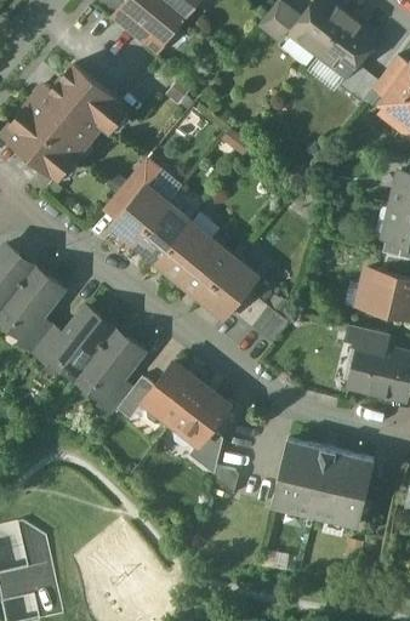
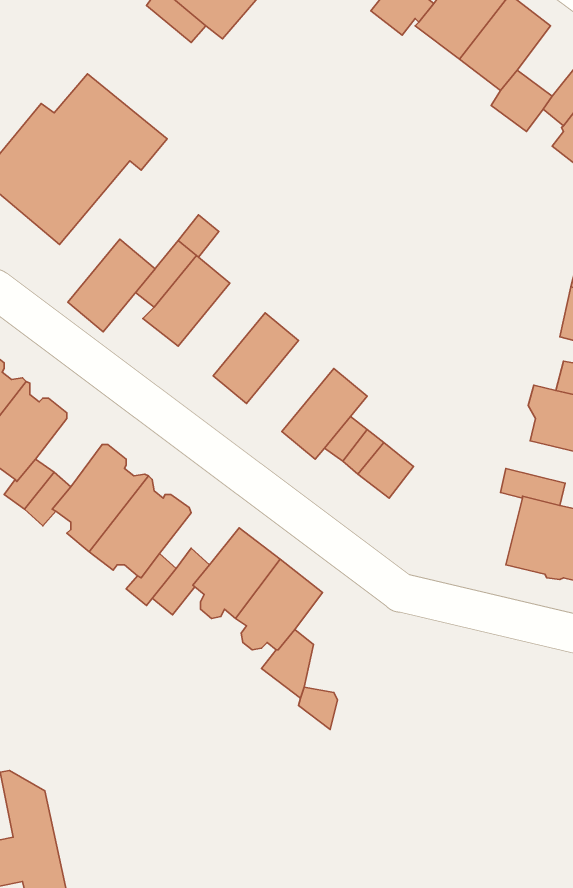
building: [133,203,190,263] -> [68,239,155,332]
building: [178,240,235,300] -> none
building: [272,439,374,526] -> none

